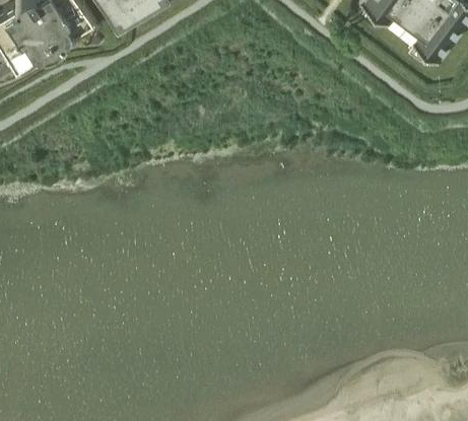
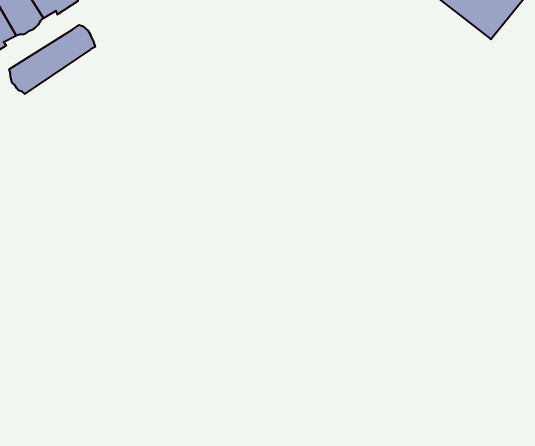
building: none -> [9,25,95,94]

